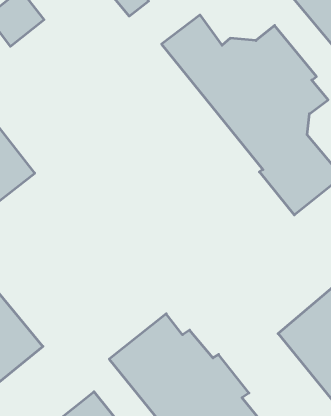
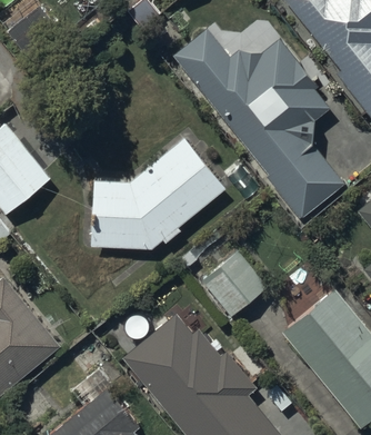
building: none -> [91,138,225,249]
building: none -> [201,251,268,317]

